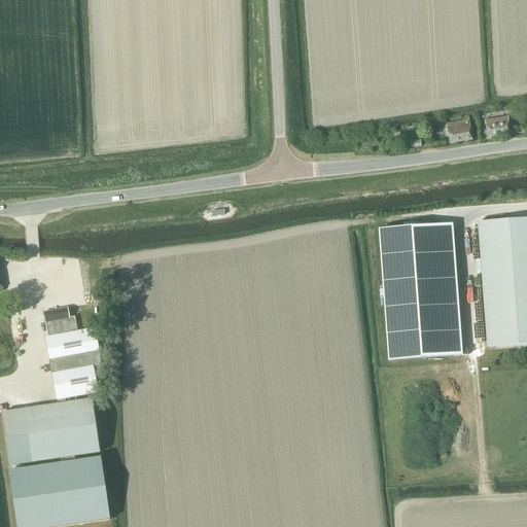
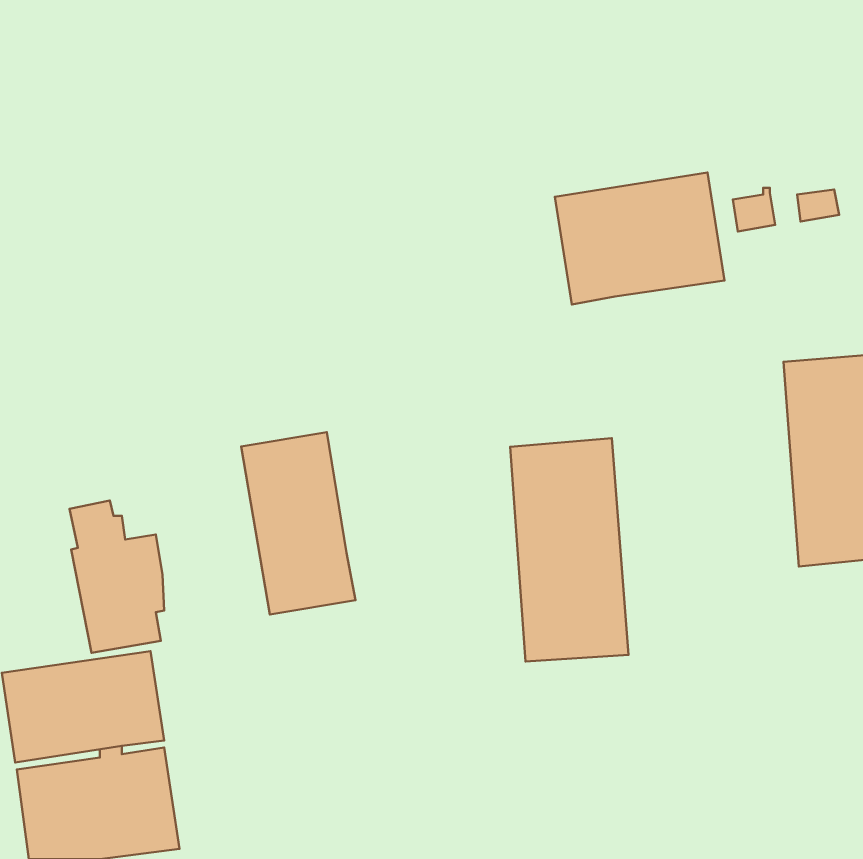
building: none -> [555,173,724,305]
building: [381,222,453,358] -> [510,438,629,661]
building: none -> [241,432,356,614]

